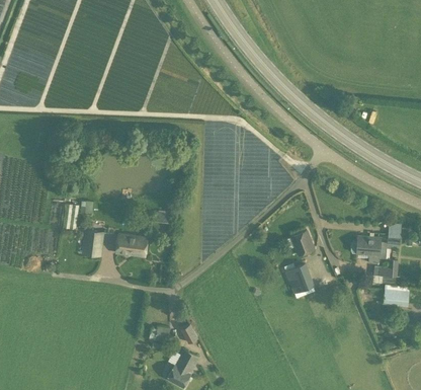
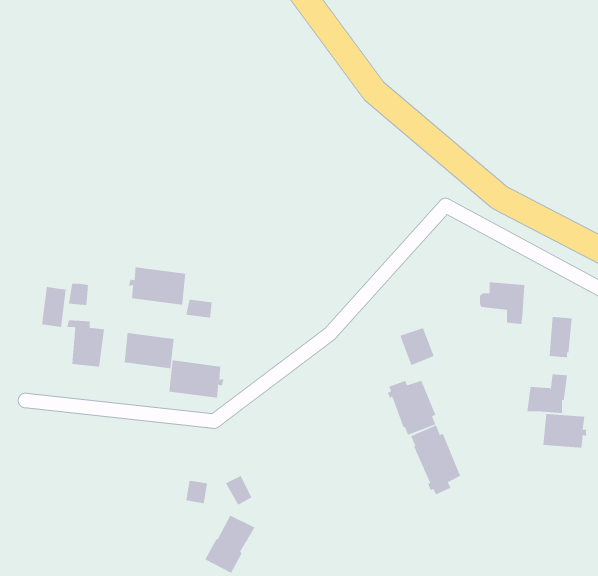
building: none -> [128,267,186,306]
building: [350,236,380,263] -> [479,282,525,325]
building: none -> [169,360,224,399]
building: none -> [410,424,461,495]

